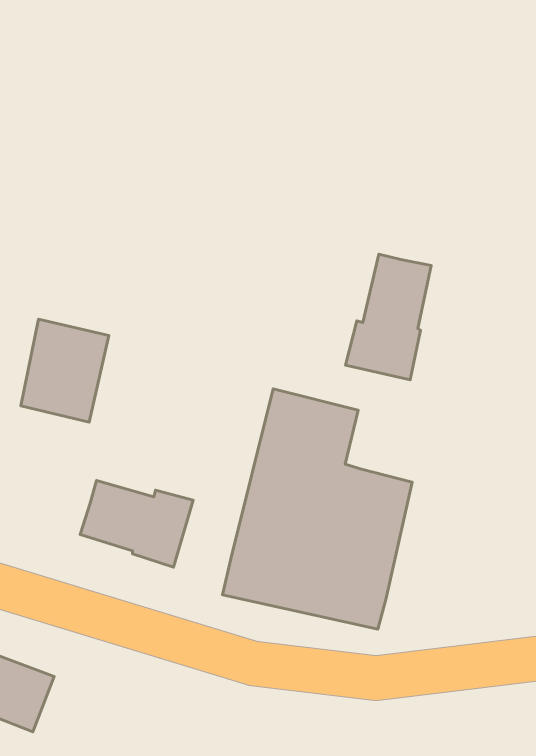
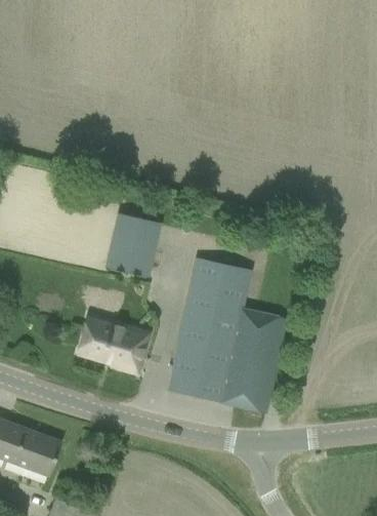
building: [346,254,431,380] -> none
building: [21,319,109,422] -> [104,211,160,276]

